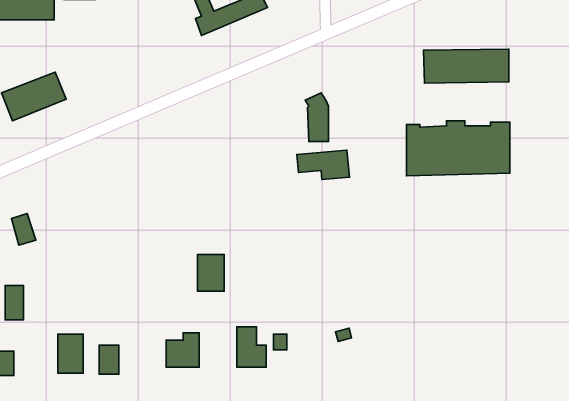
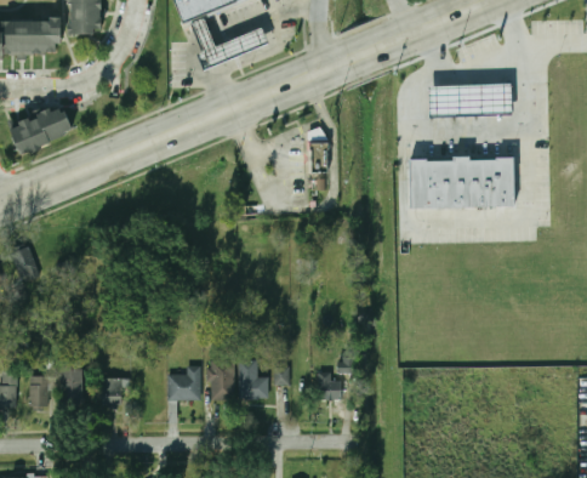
building: [297,150,349,179] -> none
building: [197,255,224,291] -> [209,359,235,396]
building: [5,286,24,320] -> [32,375,50,409]
building: none -> [318,371,341,399]

